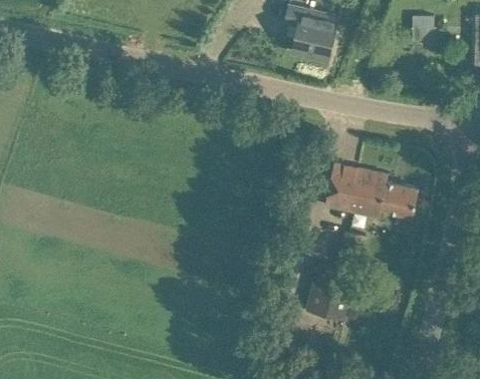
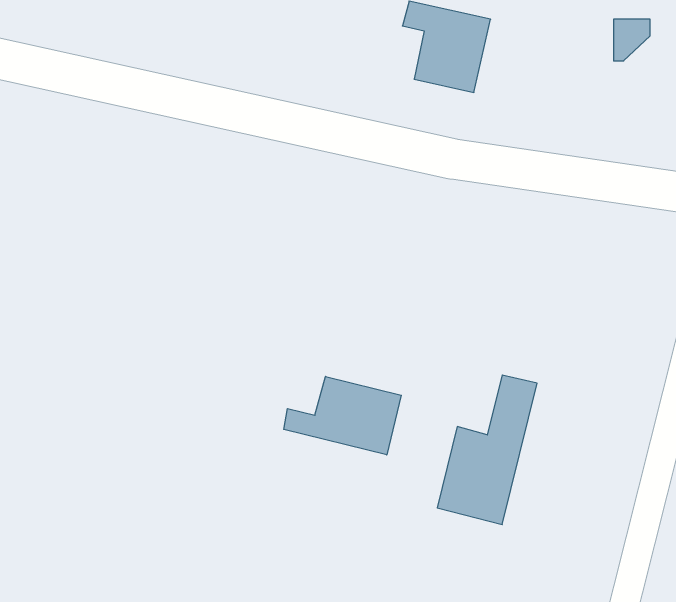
building: [324,163,419,219] -> none
building: none -> [284,376,401,455]

